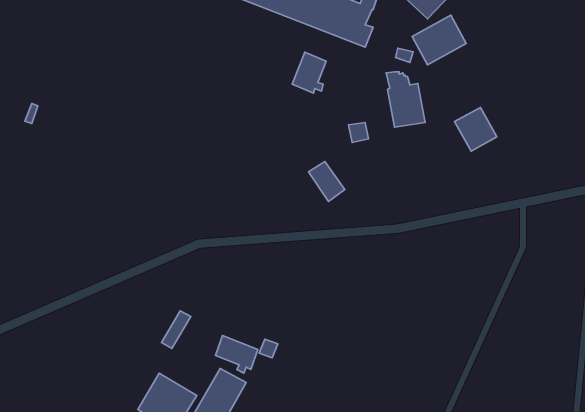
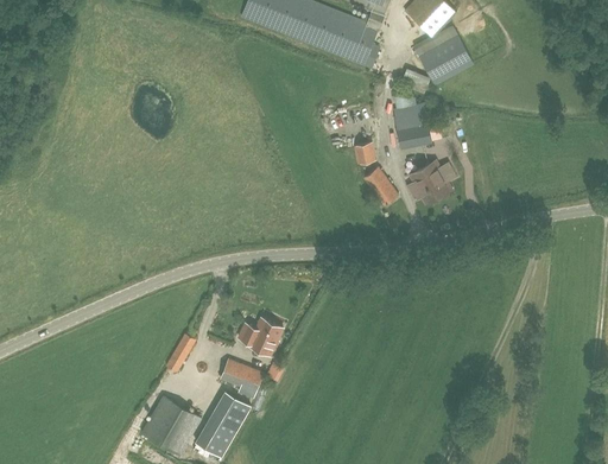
building: [292,52,326,93] -> none
building: [455,107,497,151] -> [408,159,451,203]
building: [308,161,345,201] -> [360,164,397,204]
building: none -> [236,314,284,356]

